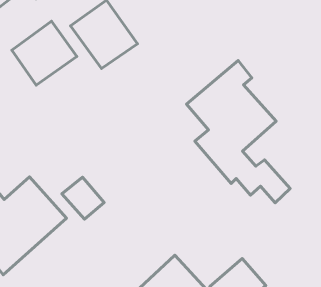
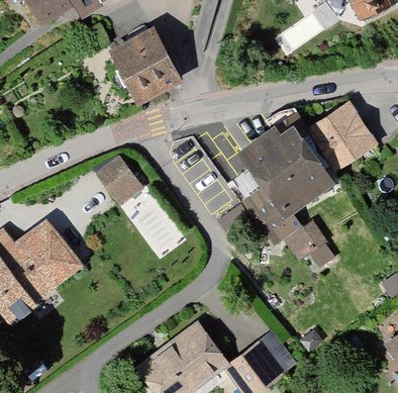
building: [12,21,77,85] -> none
building: none -> [304,102,375,173]
building: [62,177,104,219] -> [101,158,146,204]

